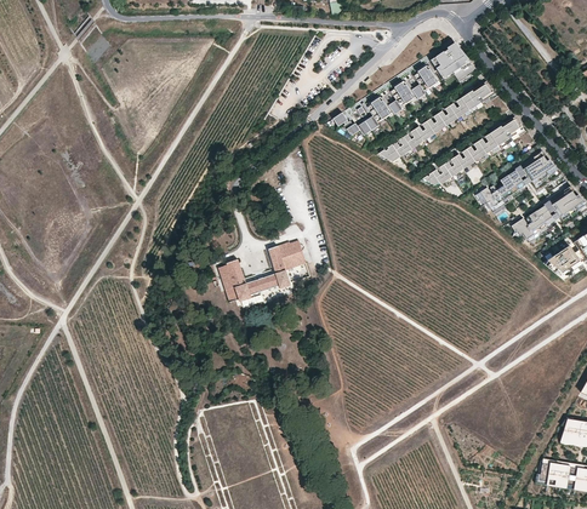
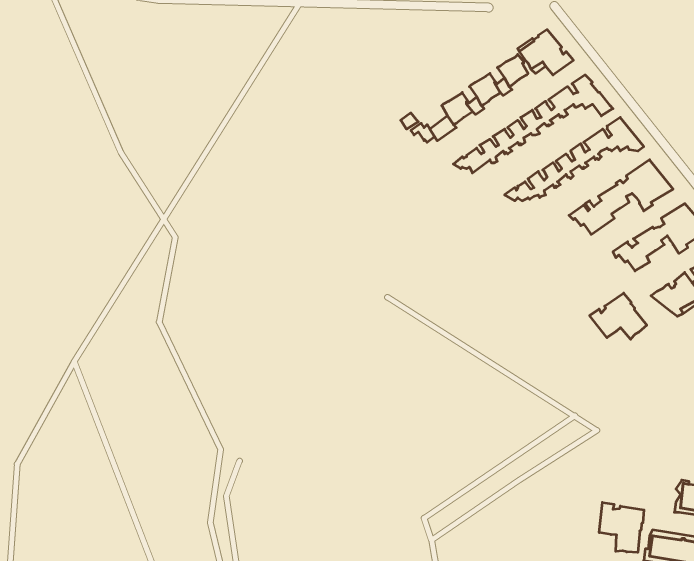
building: [220,240,306,301] -> none
building: none -> [590,293,647,339]
building: none -> [599,502,644,552]

